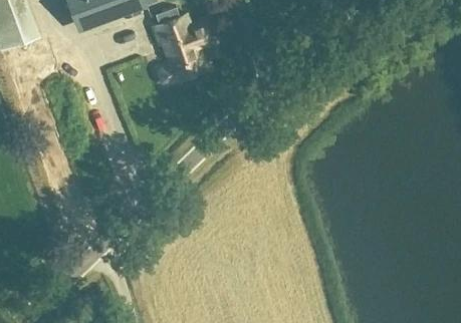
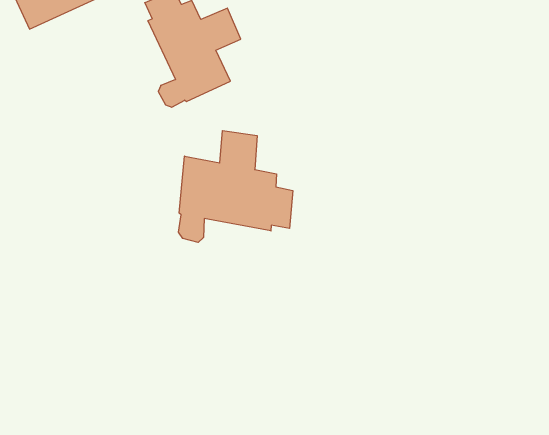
building: none -> [178,131,293,242]

